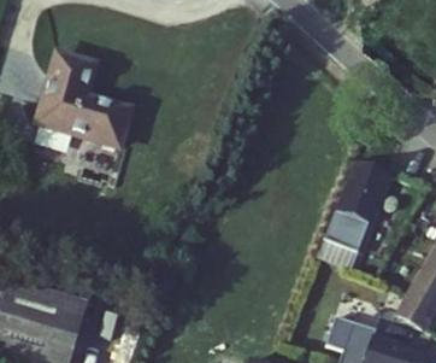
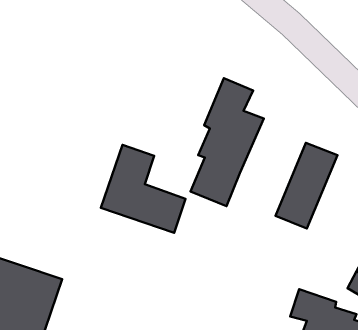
building: [37,59,128,153] -> [101,145,186,233]
building: none -> [190,78,264,206]

